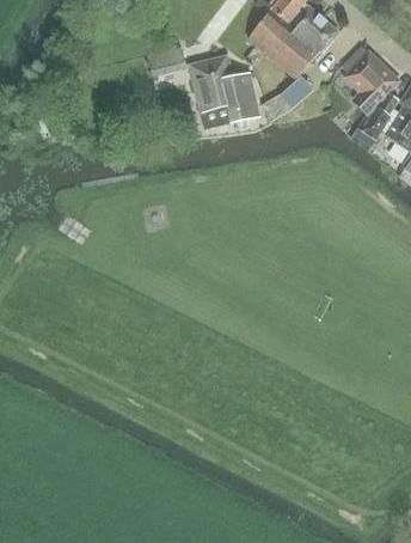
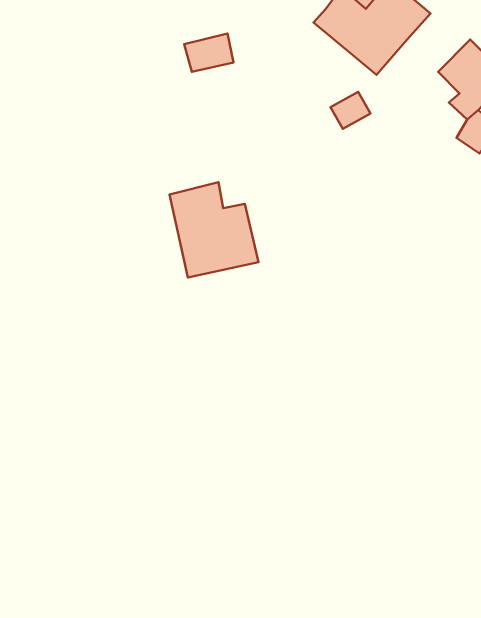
building: [190,54,259,128] -> [169,182,259,278]

